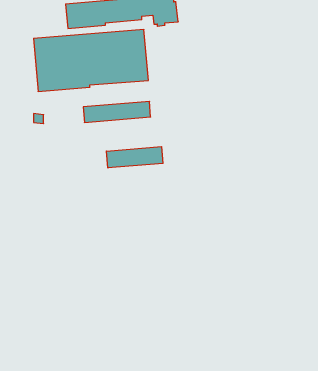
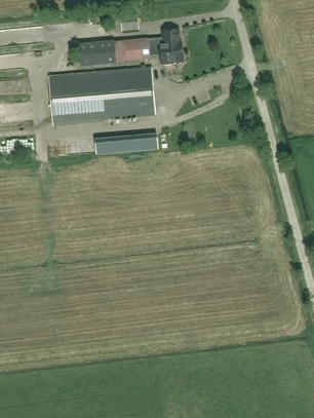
building: [106,147,163,168] -> none

